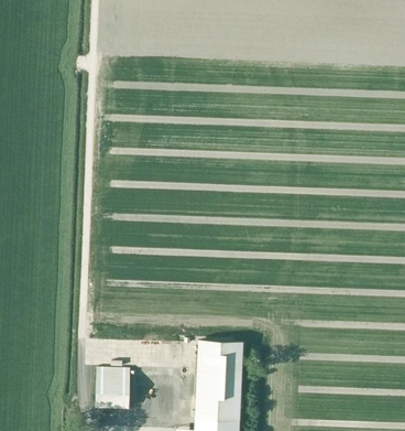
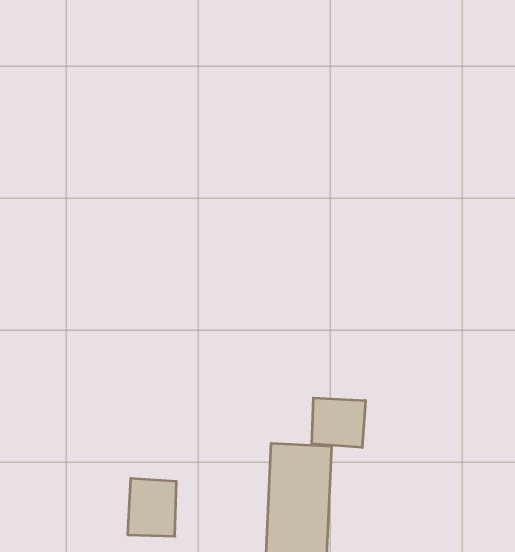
building: none -> [312,398,365,448]

